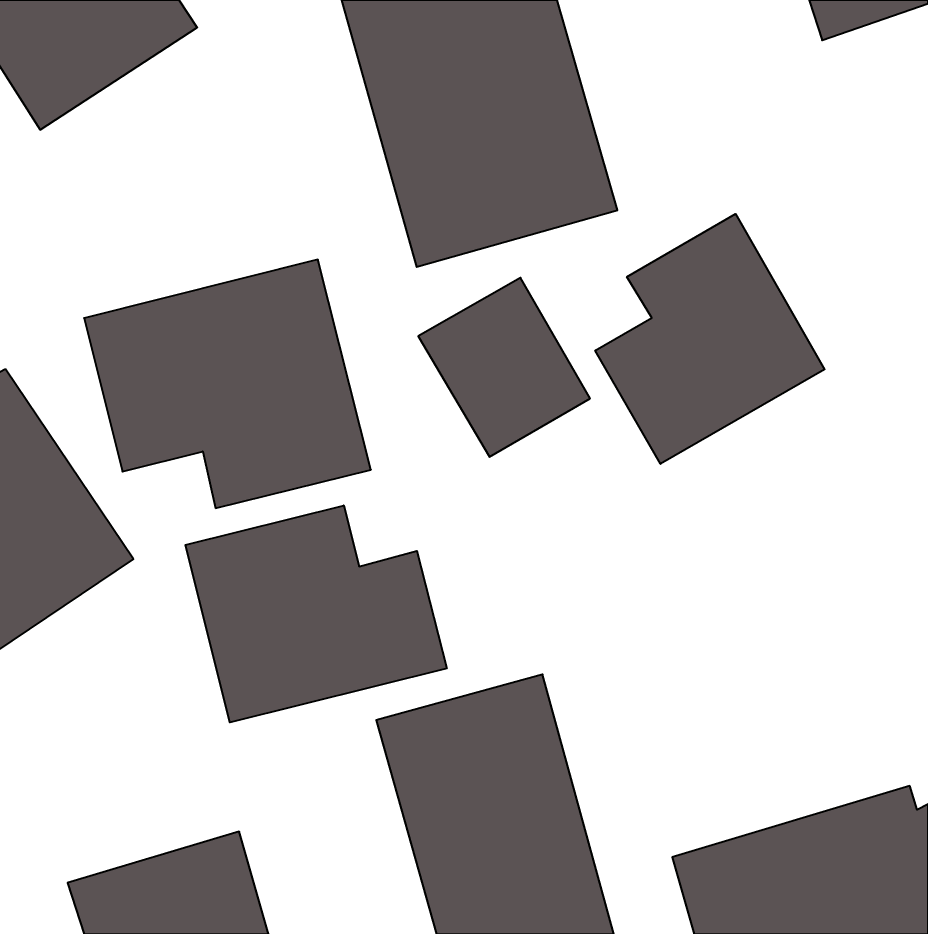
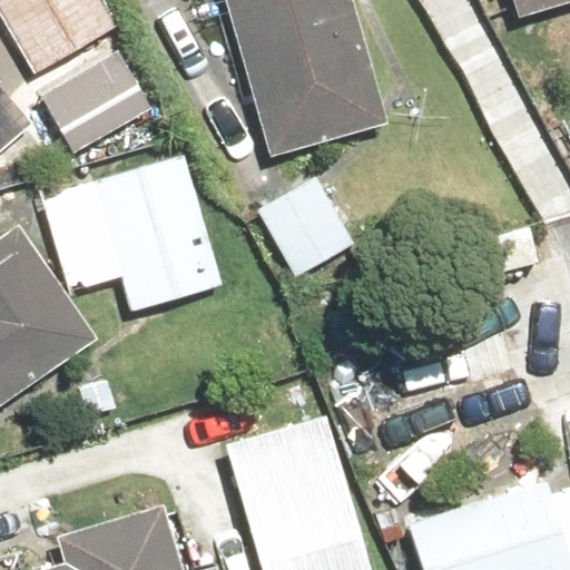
building: none -> [47,48,159,155]
building: [595,214,825,464] -> none
building: [185,505,447,722] -> none

